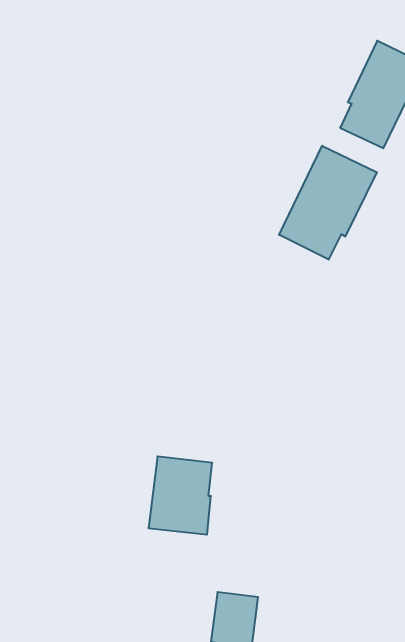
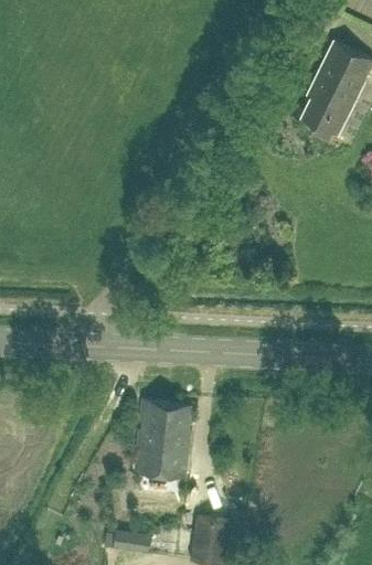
building: [279,146,377,260] -> none
building: none -> [106,531,149,554]

